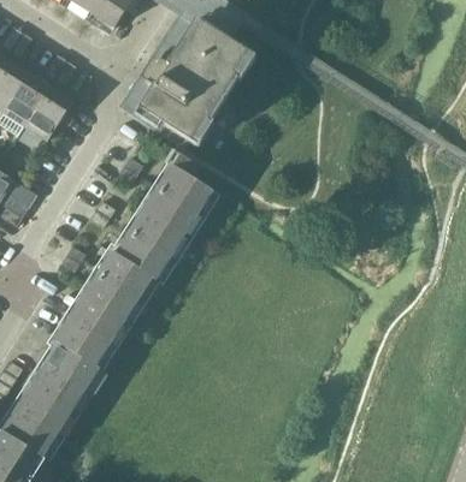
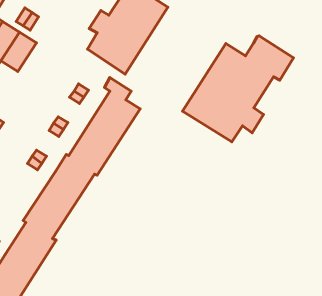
building: none -> [182,36,293,142]

